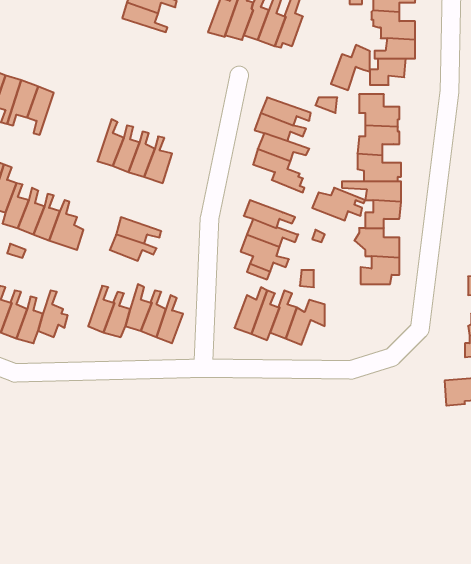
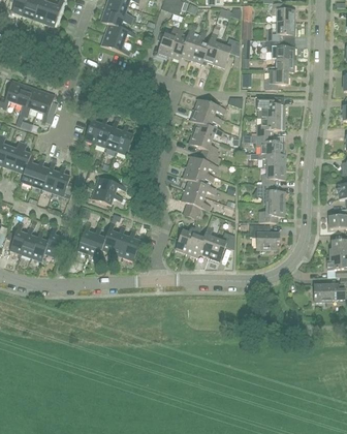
building: [331,45,370,90] -> [213,37,239,67]
building: [312,188,365,220] -> [185,152,220,174]
building: none -> [249,224,279,248]

